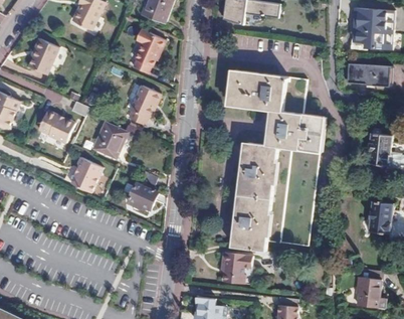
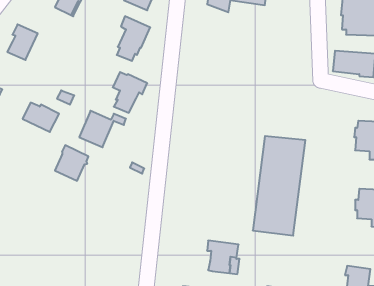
building: [229,70,323,252] -> none
building: [126,183,157,209] -> none

